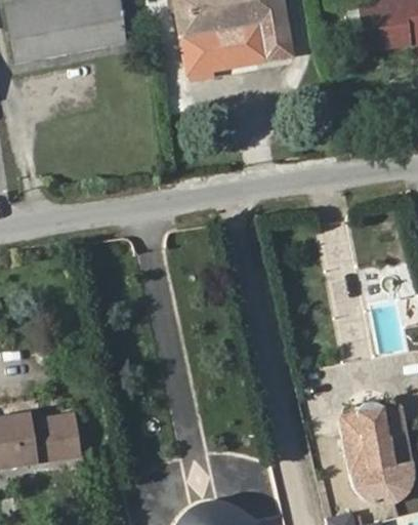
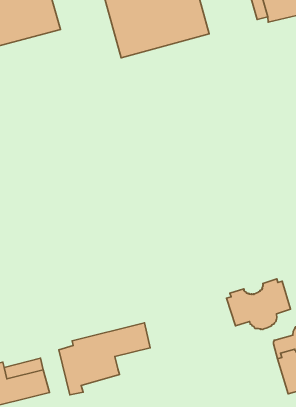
building: none -> [227,279,290,330]
building: none -> [59,323,150,395]

